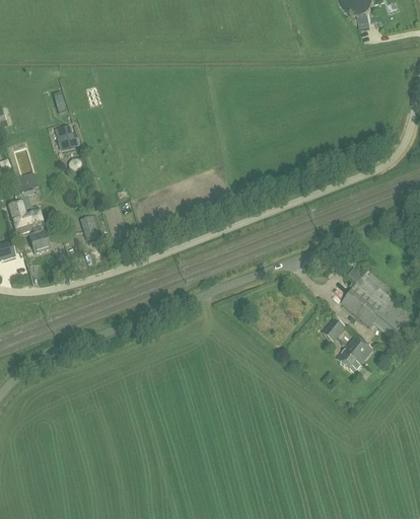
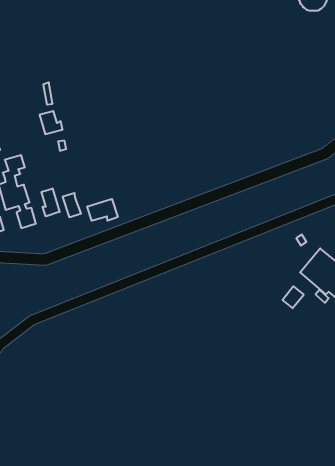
building: none -> [42,188,60,216]
building: none -> [87,199,118,221]
building: [336,333,372,372] -> none

